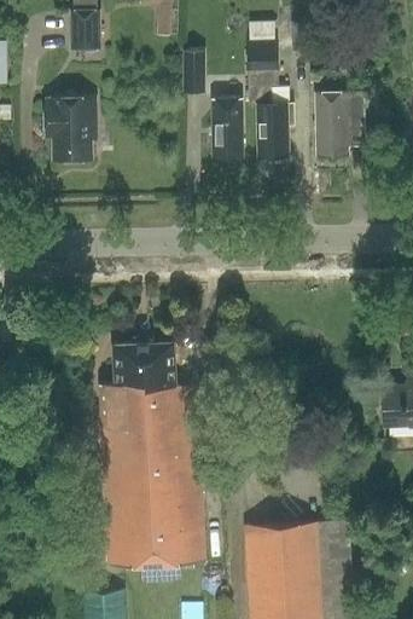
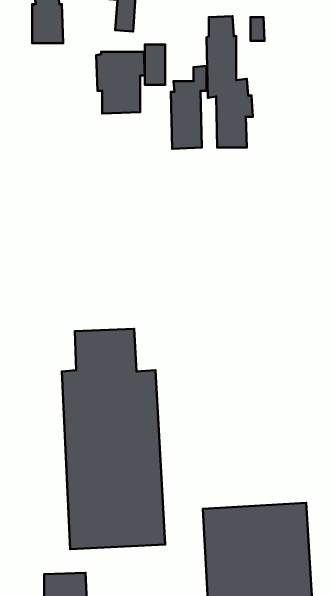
building: [315,92,365,156] -> none
building: [46,98,95,161] -> [96,52,145,113]

